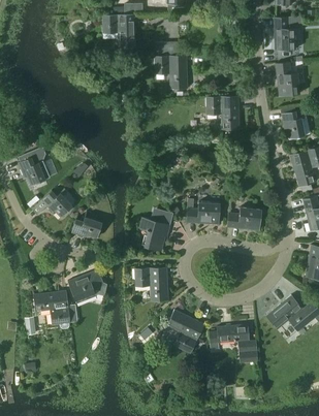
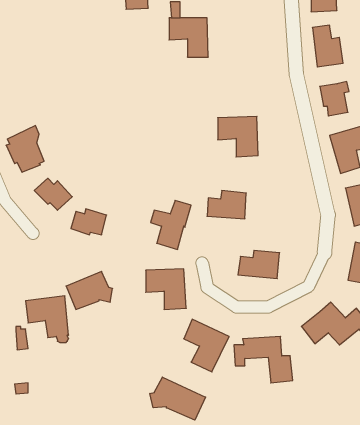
building: [205,96,240,130] -> [218,116,258,157]
building: [226,207,261,231] -> [238,250,280,279]
building: none -> [150,377,206,420]

